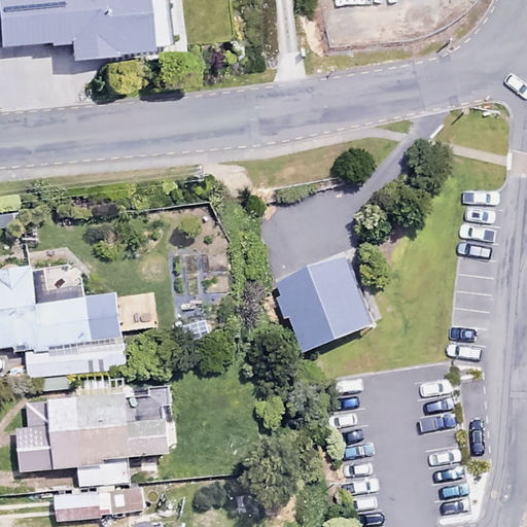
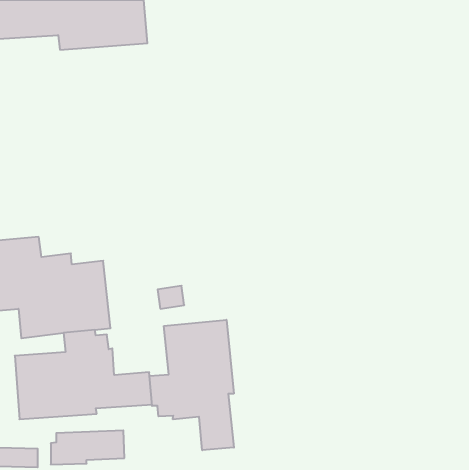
building: [271,253,376,354] -> none
building: none -> [150,320,234,450]

